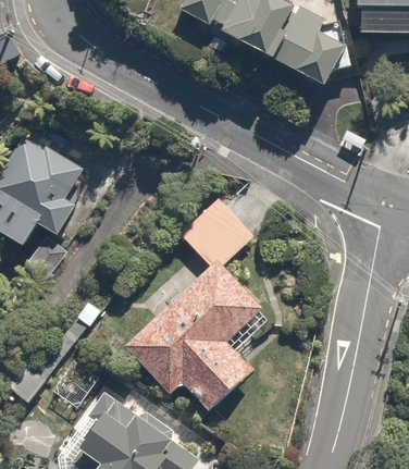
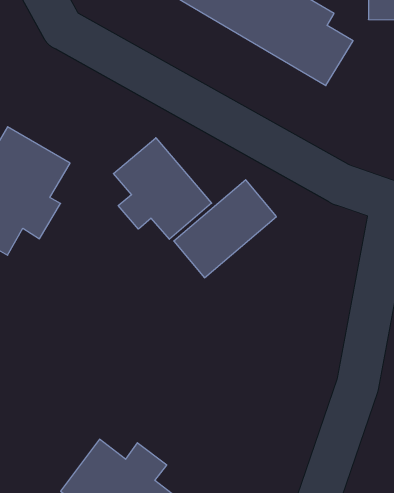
building: none -> [113,138,212,239]
building: [129,262,260,410] -> none

